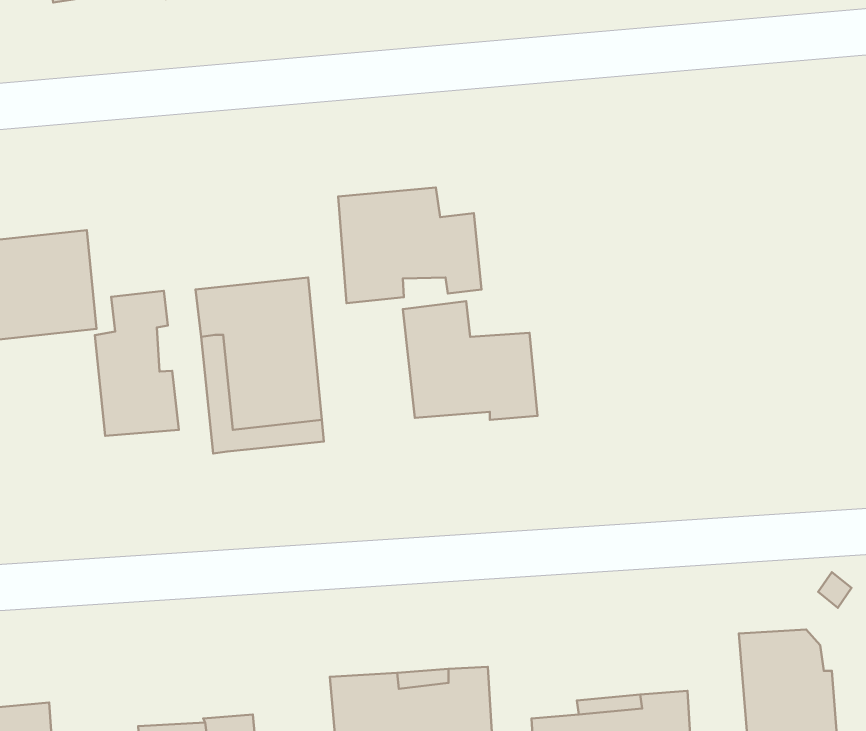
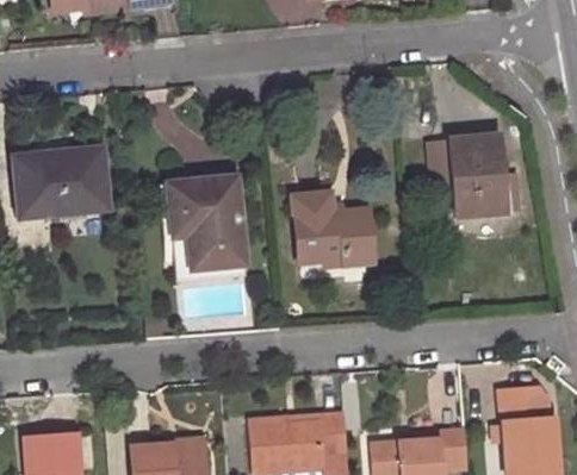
building: [338,187,482,303] -> none
building: none -> [451,136,507,218]
building: [95,291,179,436] -> none

